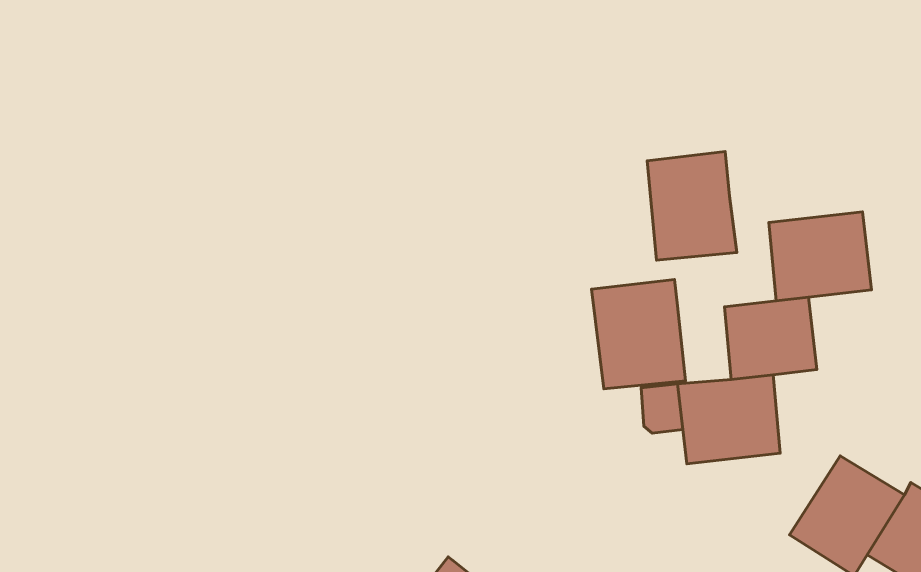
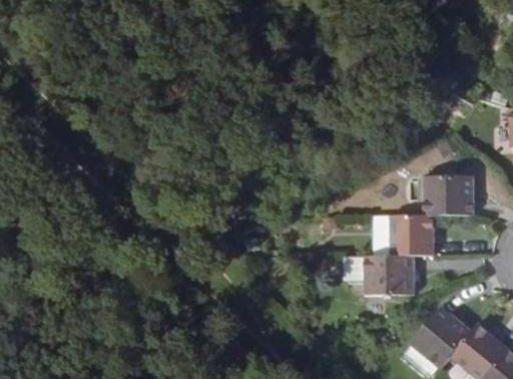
building: [647,152,737,260] -> none
building: [592,280,685,389] -> none

